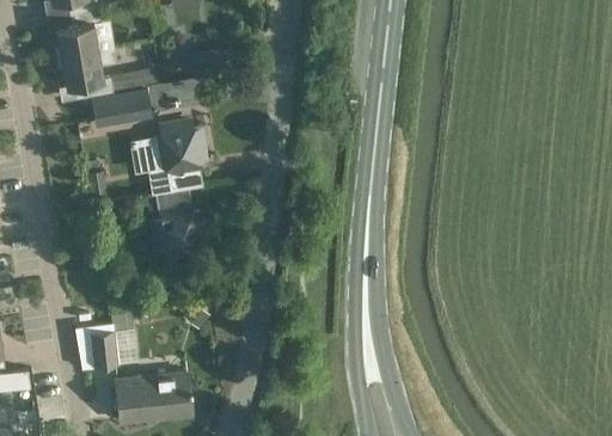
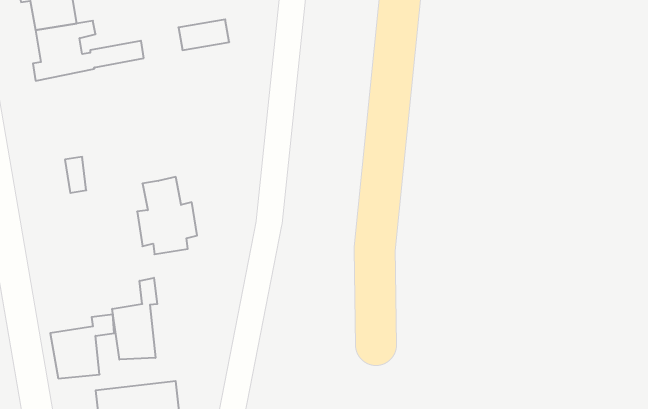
building: [96,88,155,123] -> none
building: [147,121,206,194] -> none
building: none -> [112,278,157,360]

